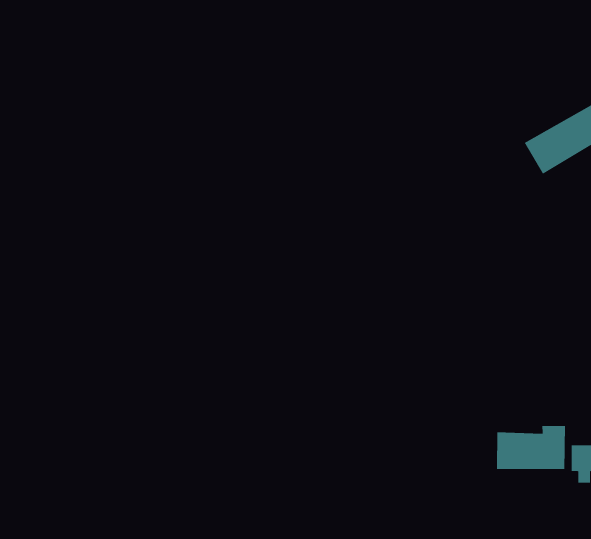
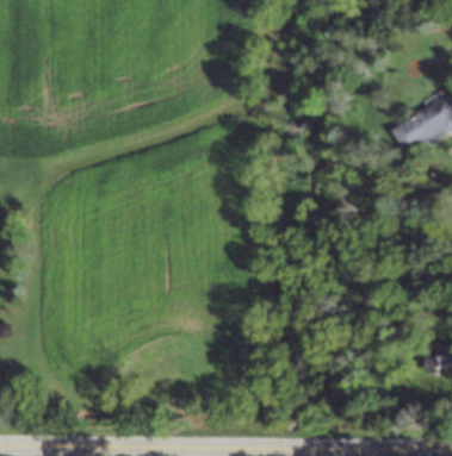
building: [496,425,566,470] -> none

